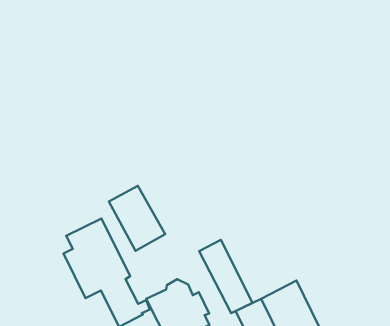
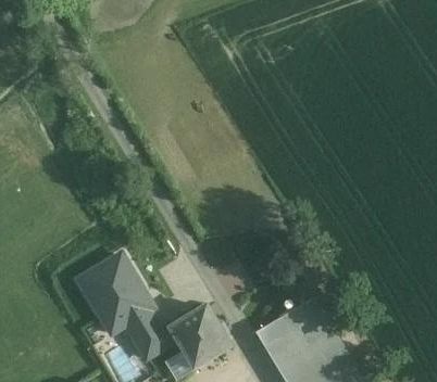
building: [109,186,165,251] -> none
building: [199,240,252,313] -> none

